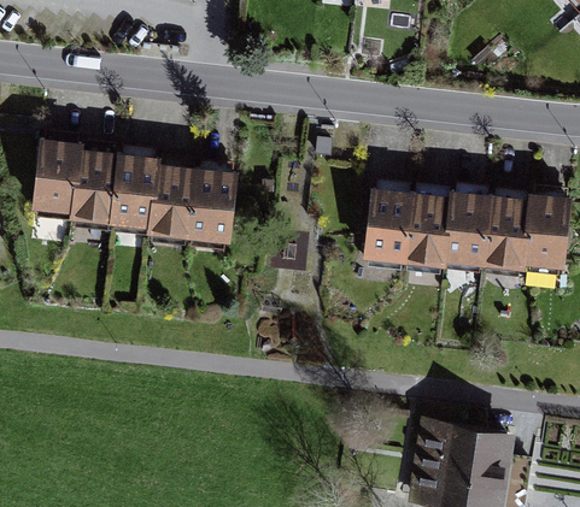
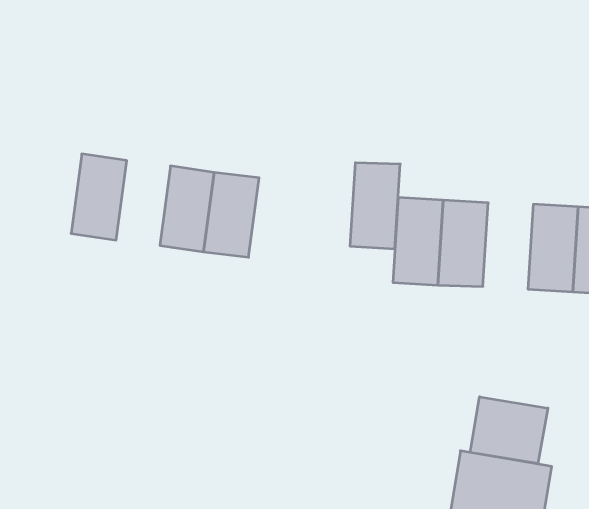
building: [31,142,81,219] -> none
building: [112,153,162,230] -> none
building: [446,191,492,270] -> [350,163,400,249]
building: none -> [470,397,548,463]

